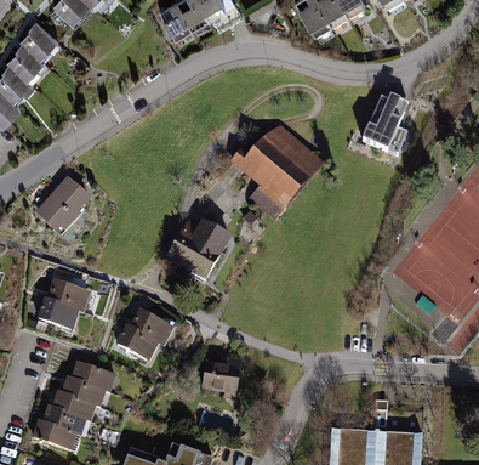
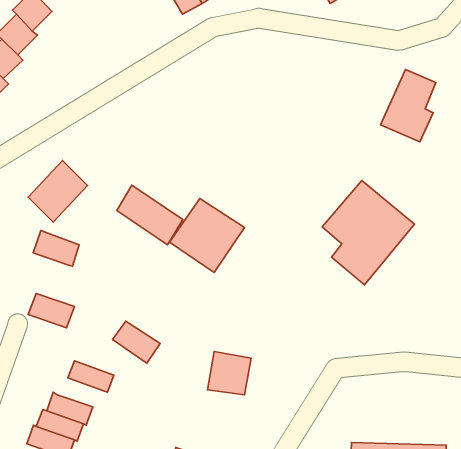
building: [240,125,325,221] -> [322,181,414,285]
building: none -> [117,185,183,245]
building: [46,282,89,314] -> [33,230,79,266]
building: [129,312,171,350] -> none
building: [62,378,104,408] -> none

